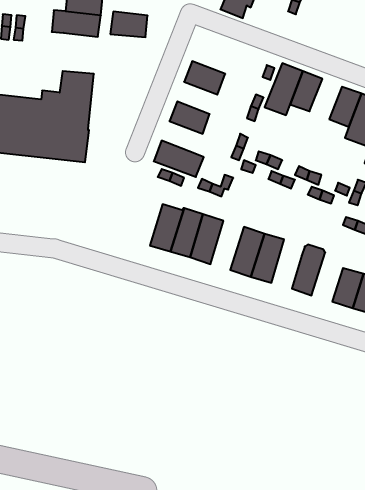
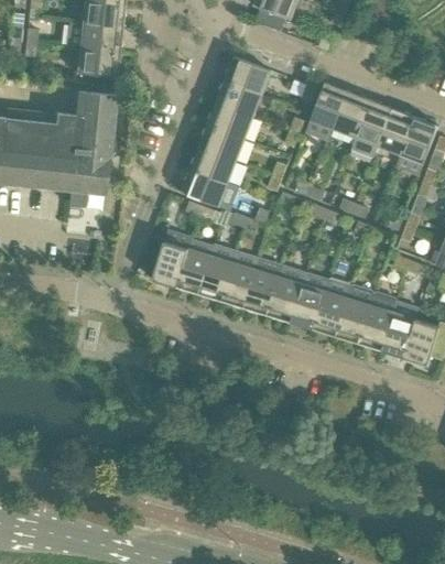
building: [110,12,148,37] -> [76,47,118,76]
building: none -> [224,55,270,94]
building: none -> [356,99,392,144]
building: none -> [207,102,252,139]
building: none -> [189,147,236,183]
building: none -> [152,230,192,286]
building: none -> [245,259,282,314]
building: none -> [313,279,350,335]
building: none -> [358,292,397,349]

